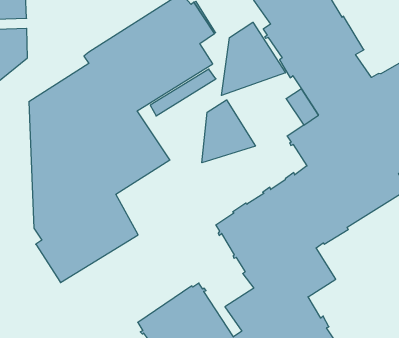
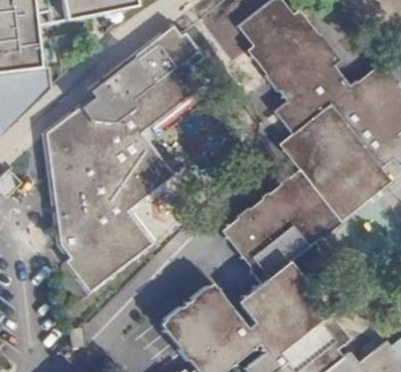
building: [221,22,285,95] -> none
building: [202,100,255,163] -> none

